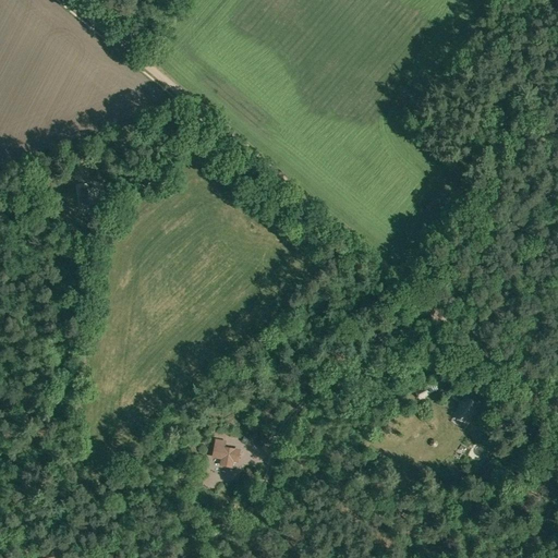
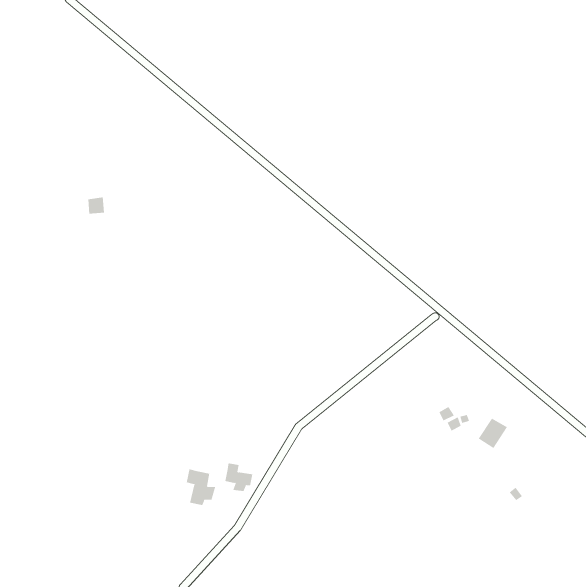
building: none -> [186,469,216,506]

